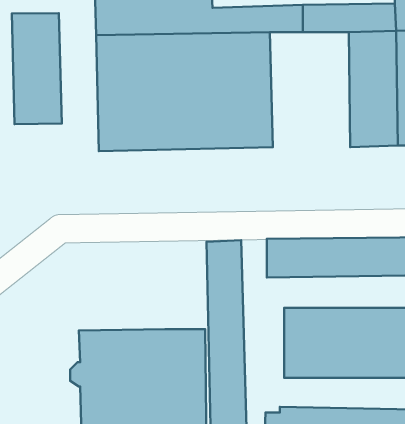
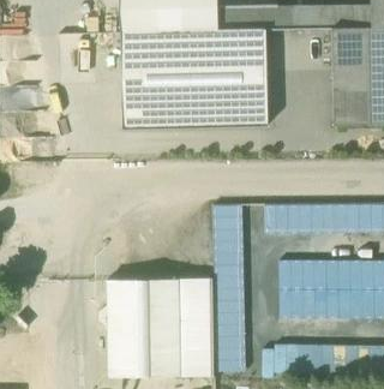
building: [12,13,62,124] -> none

